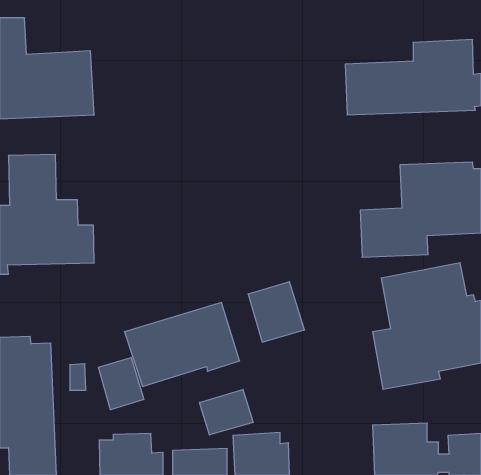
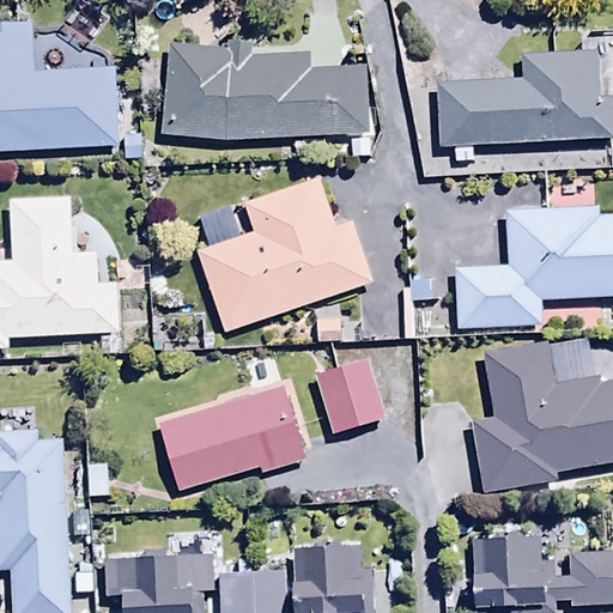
building: none -> [159,38,371,140]
building: none -> [198,176,376,333]
building: [98,357,144,410] -> none
building: [200,389,253,435] -> none

